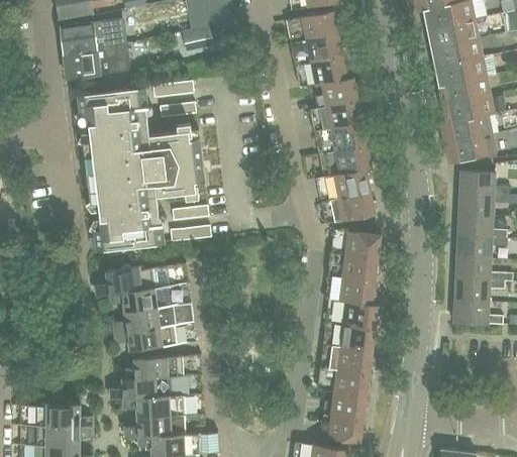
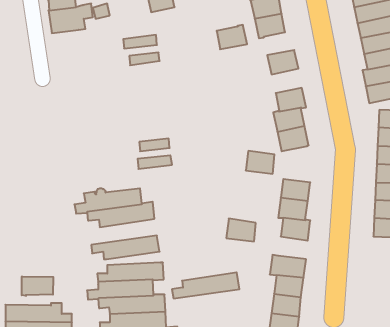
building: [321,78,357,107] -> [217,25,247,49]
building: [77,88,205,252] -> none
building: [330,123,367,152] -> none
building: [344,232,379,259] -> [246,151,274,174]
building: [112,303,193,334] -> [172,272,239,298]
building: [338,324,374,351] -> [226,219,256,241]
building: none -> [22,276,53,296]

